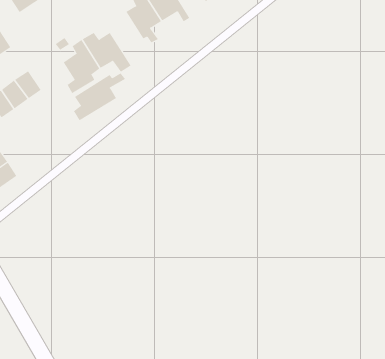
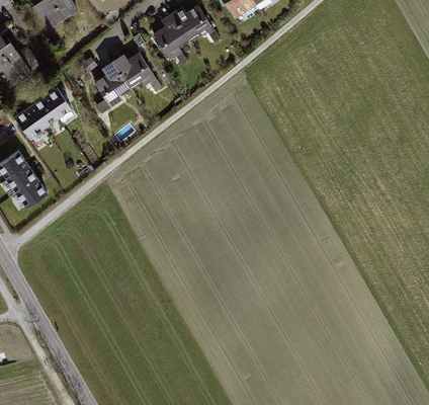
building: [73,73,126,121] -> none

